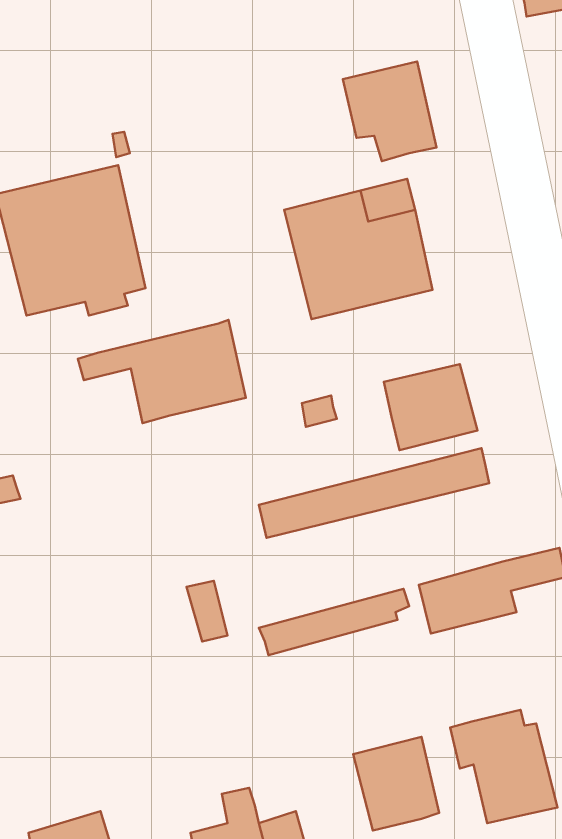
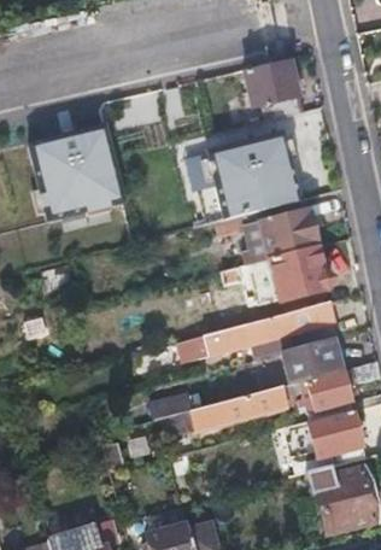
building: [78,320,246,423] -> [212,200,316,264]
building: none -> [283,339,342,385]
building: [353,737,439,830] -> [311,411,364,469]

